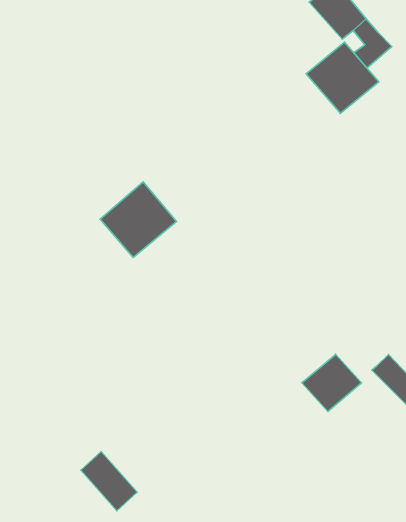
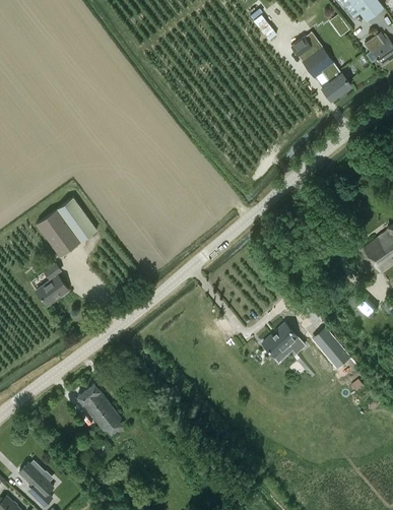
building: [306,42,379,114] -> none
building: [100,182,177,258] -> [37,197,96,256]
building: none -> [37,258,68,306]

